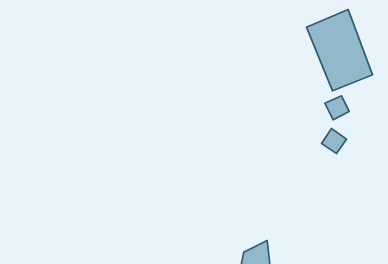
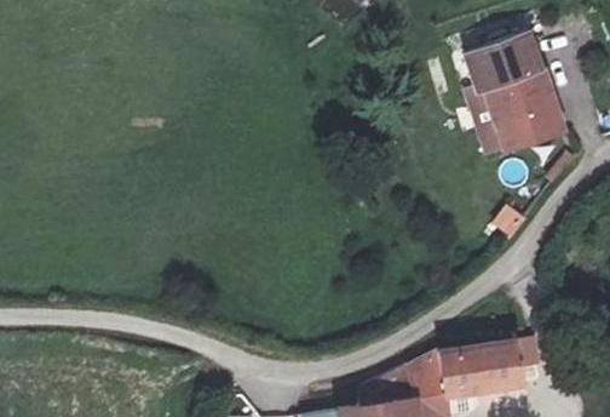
building: none -> [412,344,528,398]

